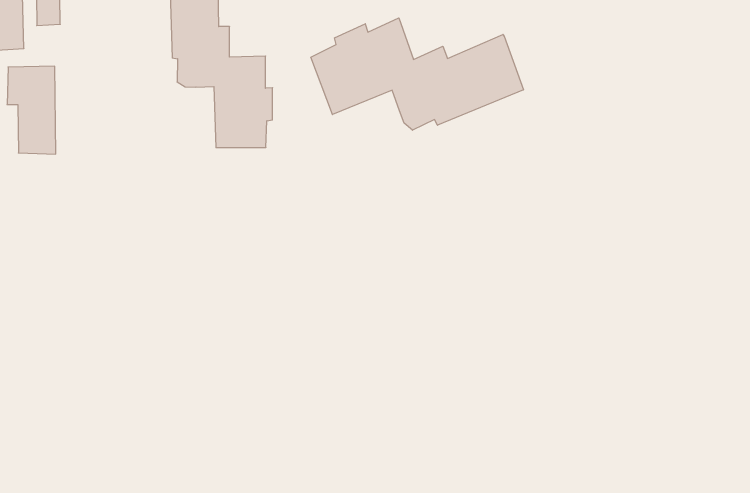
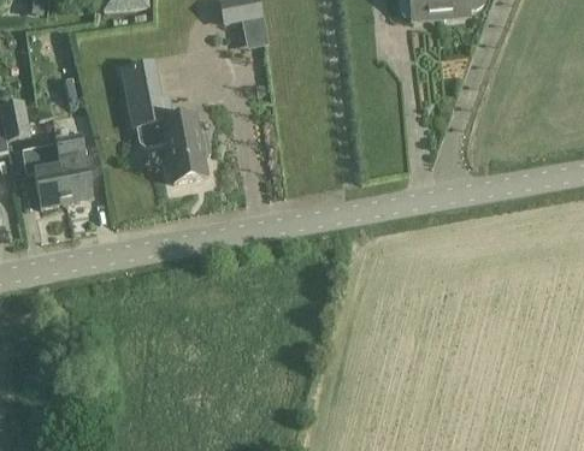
building: [311,18,523,130] -> none
building: none -> [55,138,93,203]

